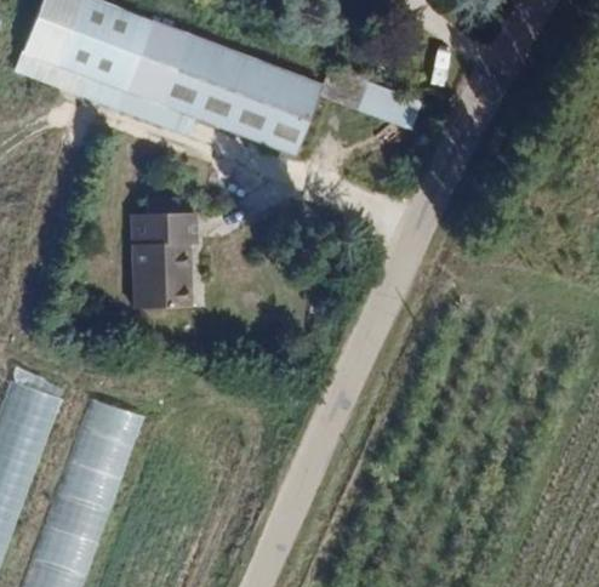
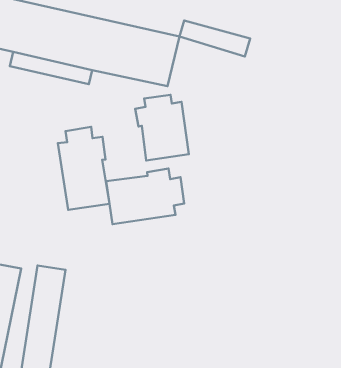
building: none -> [135,95,189,161]
building: none -> [106,169,184,224]

